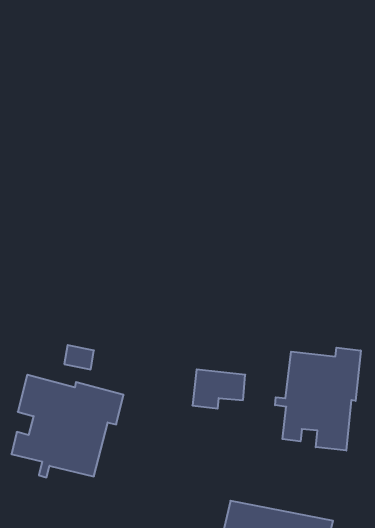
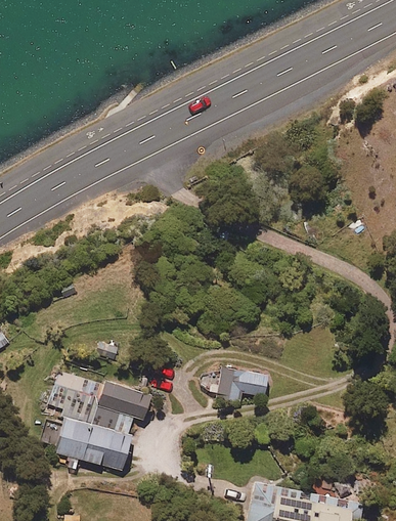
building: [275,348,361,451] -> none

